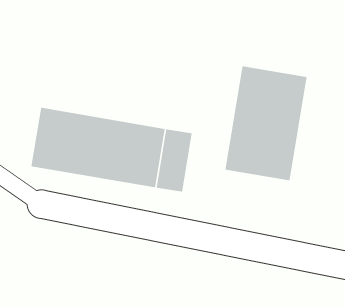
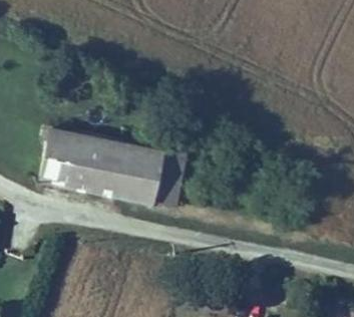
building: [225,65,307,181] -> none

